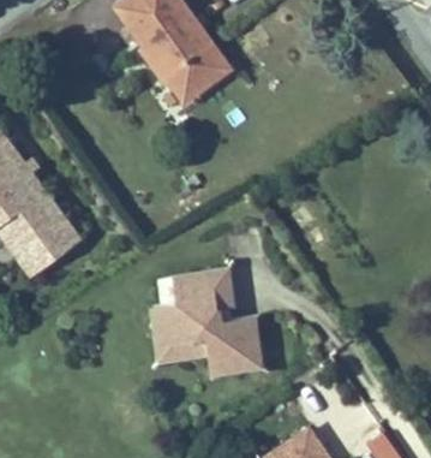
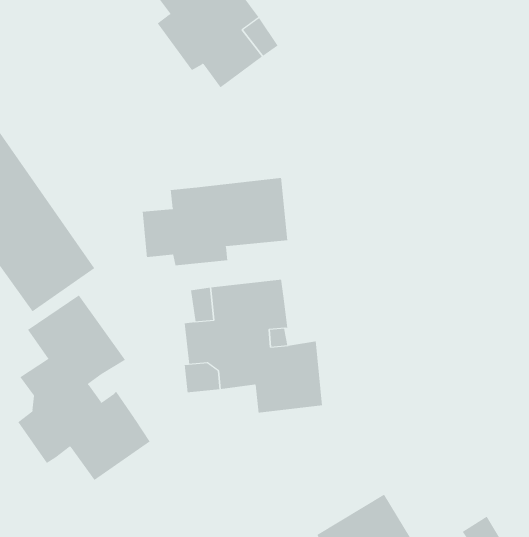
building: none -> [142,177,288,266]
building: none -> [17,294,151,481]

